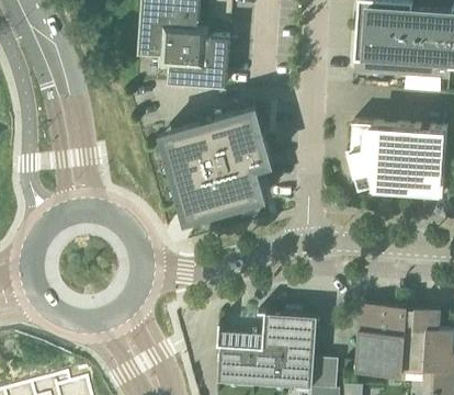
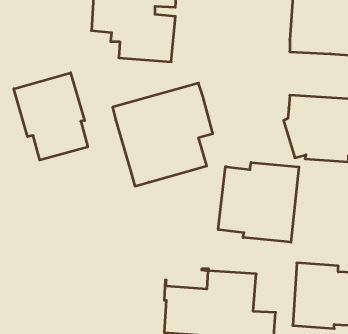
building: none -> [14,73,88,160]
building: none -> [218,162,299,242]

